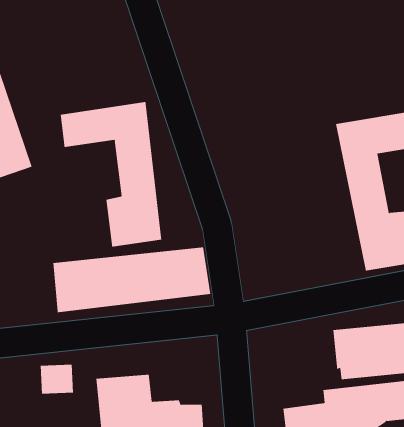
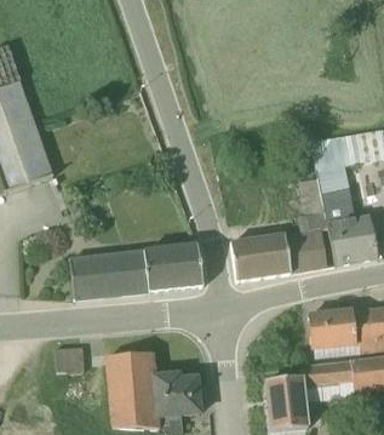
building: [60,101,162,248] -> none
building: none -> [229,176,326,280]

